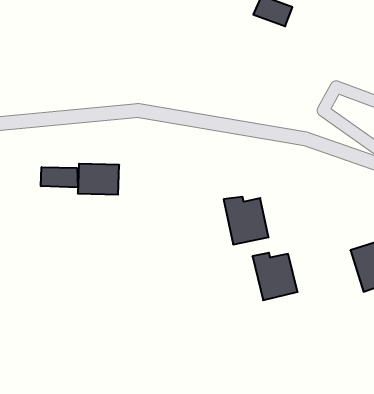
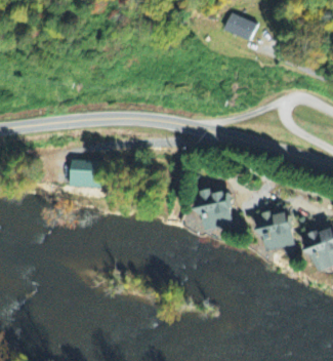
building: [41,167,78,187] -> none
building: [252,253,298,300] -> [257,210,296,251]

